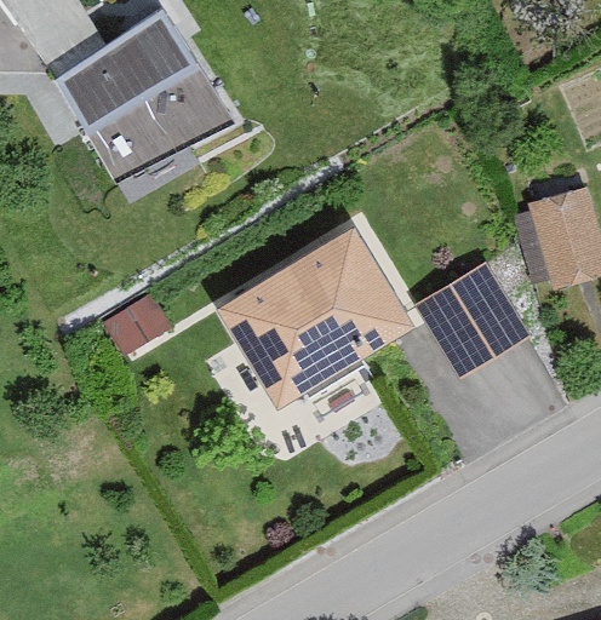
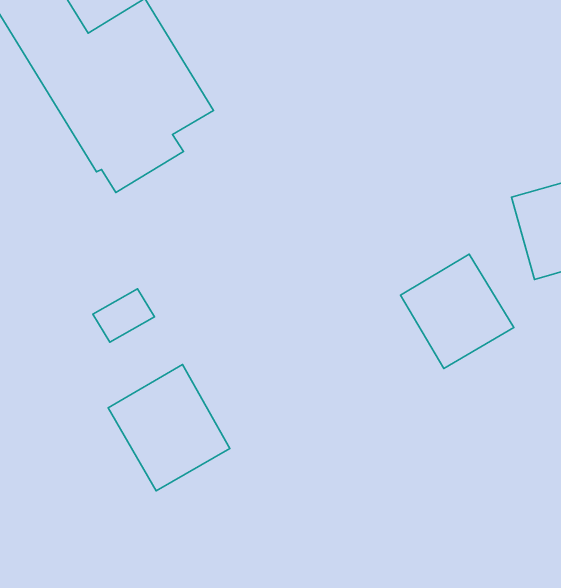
building: [216,226,410,406] -> none
building: none -> [108,365,230,491]

